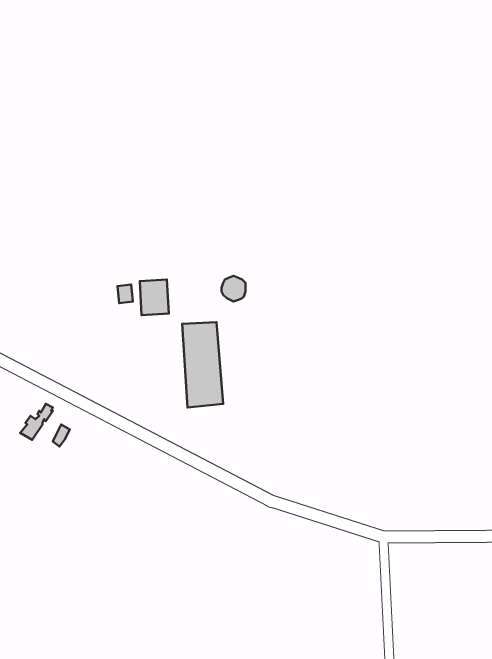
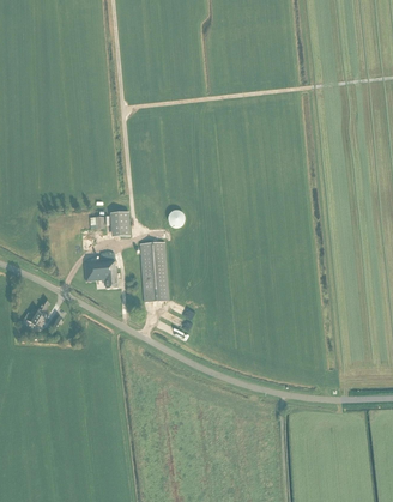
building: none -> [83,259,116,288]

